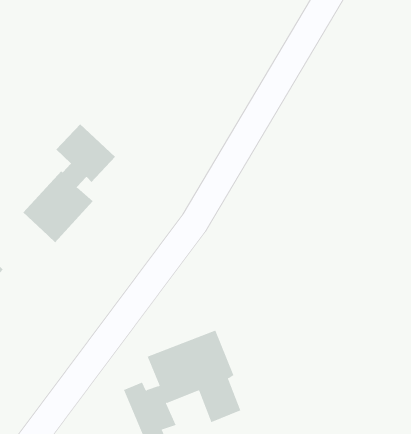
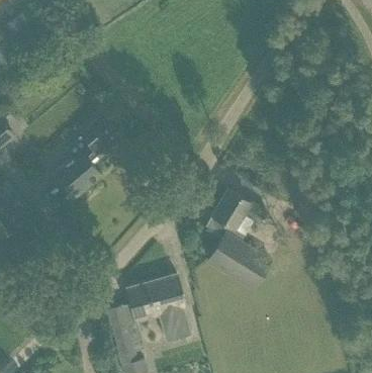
building: none -> [208,189,272,288]

